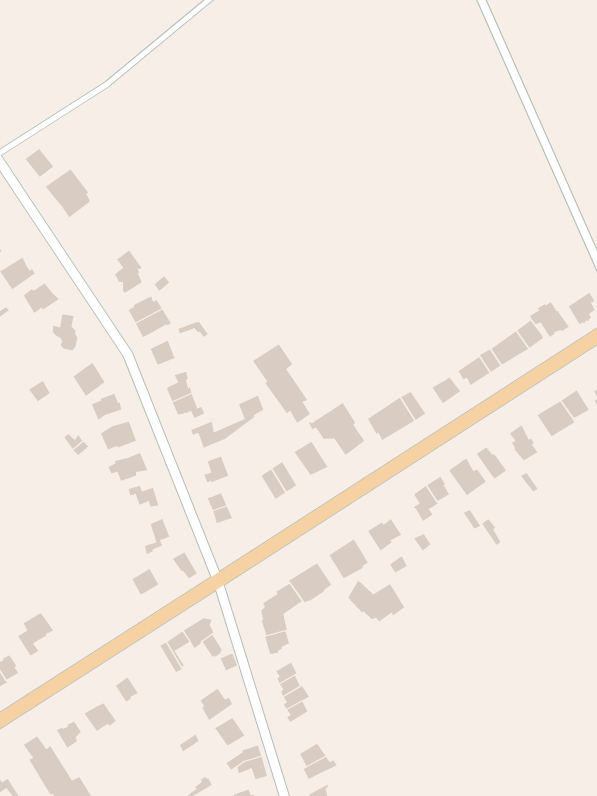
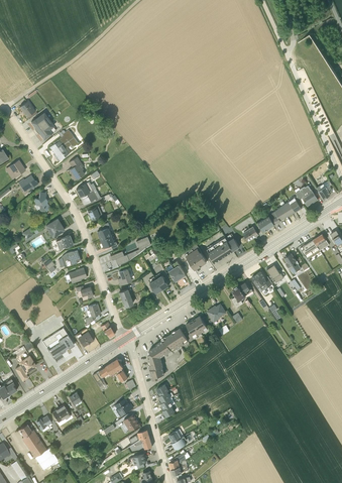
building: none -> [49,130,78,162]
building: [252,344,311,424] -> none
building: none -> [41,329,74,359]
building: [348,579,405,623] -> none

